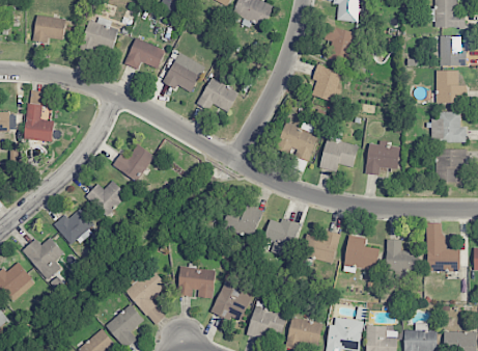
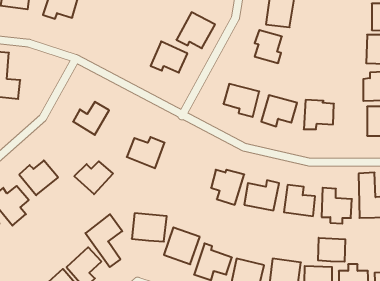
building: [125,38,165,70] -> none
building: [163,53,205,92] -> [176,12,215,48]
building: [85,181,128,217] -> [74,161,113,194]
building: [222,205,263,239] -> [127,137,165,168]
building: none -> [318,238,345,262]

